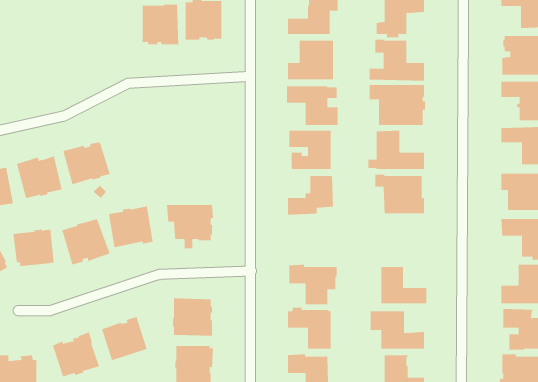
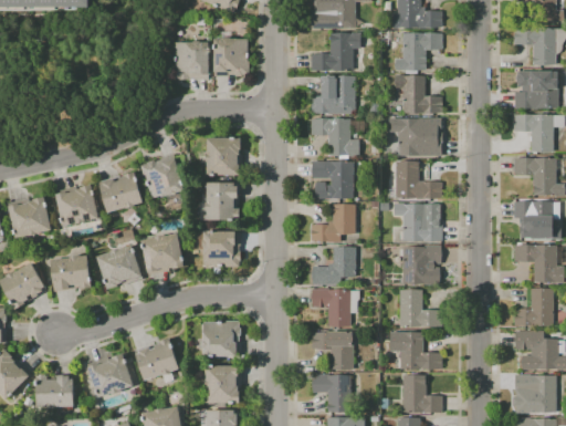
building: none -> [199,137,241,175]
building: none -> [139,154,185,198]
building: none -> [205,180,239,220]
building: none -> [402,246,440,284]
building: none -> [312,247,355,284]

